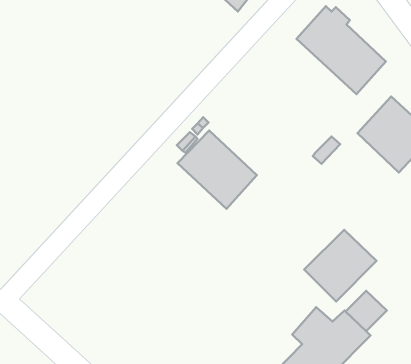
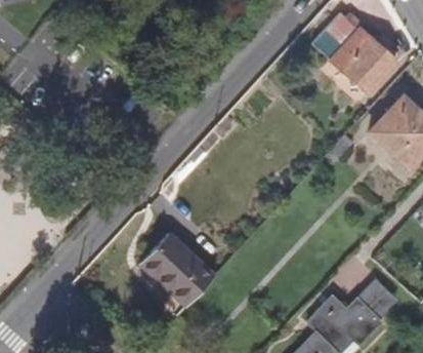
building: [178,131,257,209] -> [140,233,215,307]
building: [304,230,376,301] -> none

